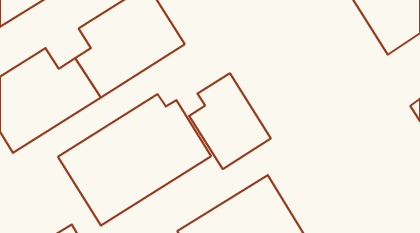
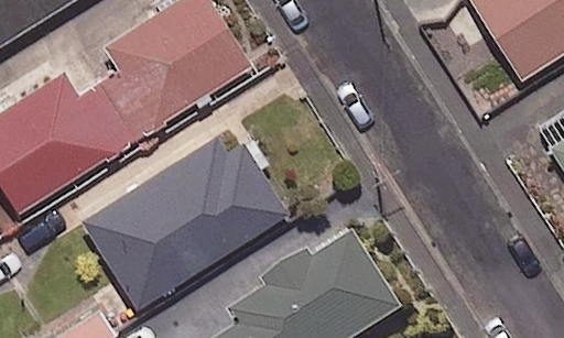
building: [189,73,271,169] -> none

